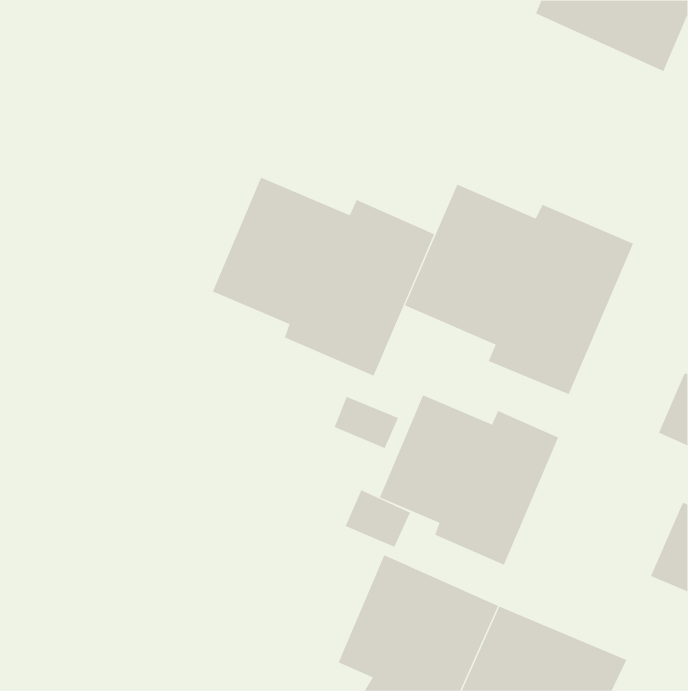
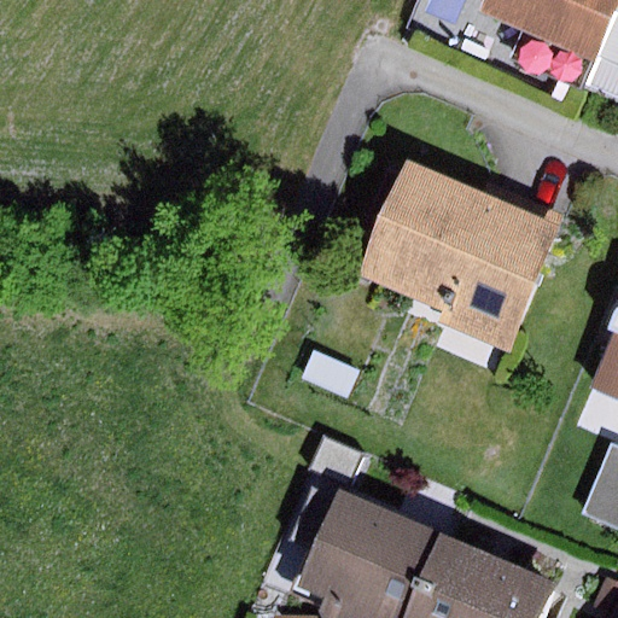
building: [212,177,435,376] -> none
building: [379,395,559,565] -> none

